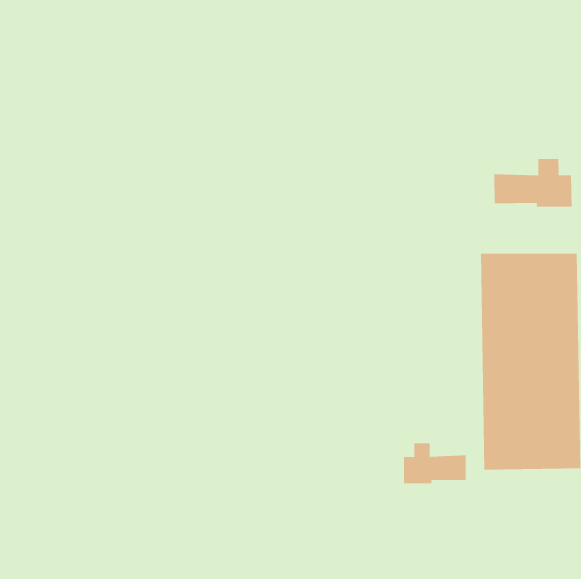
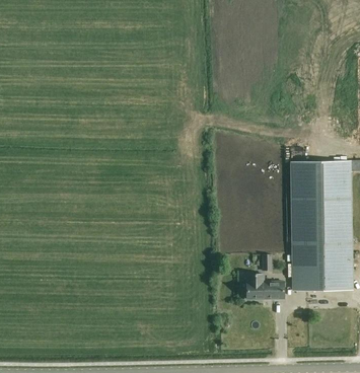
building: [494,158,572,208] -> none

